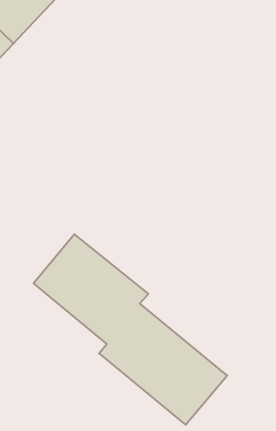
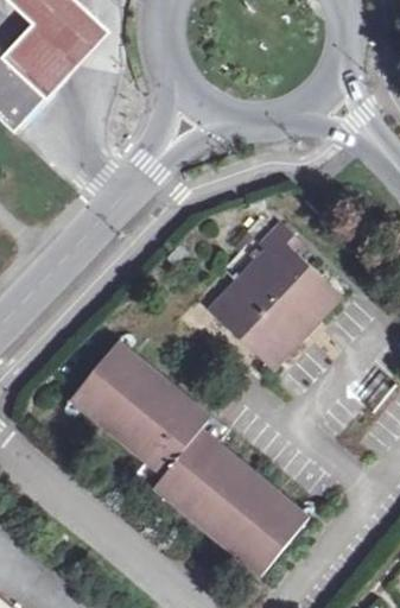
building: none -> [204,217,342,369]

